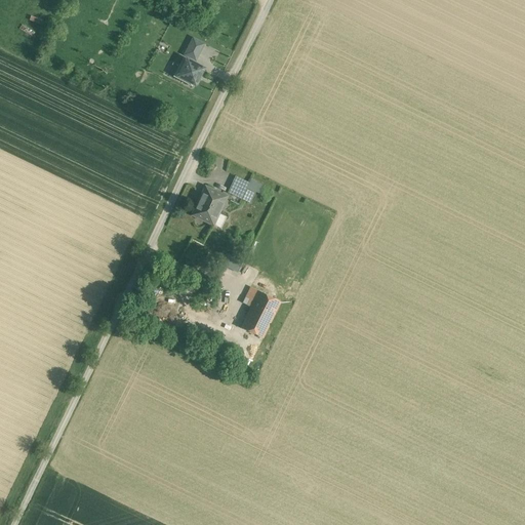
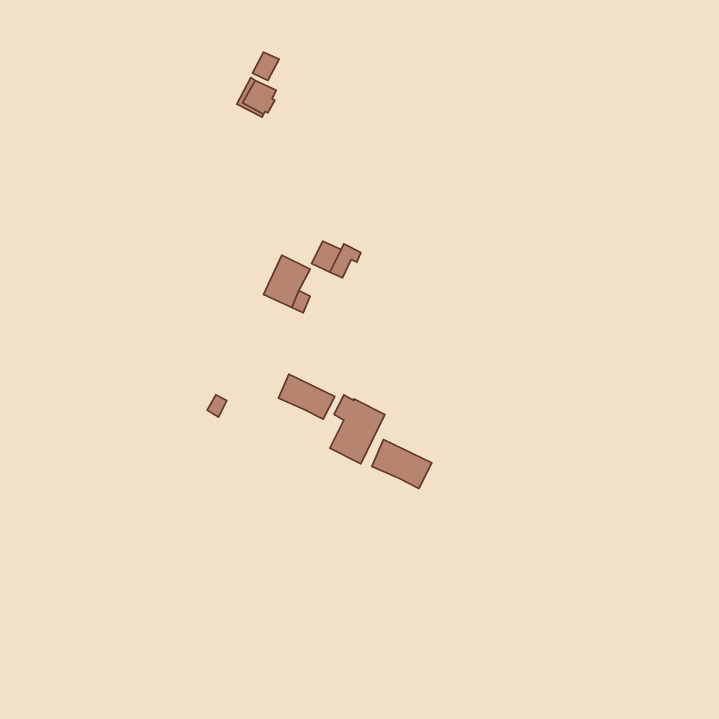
building: none -> [279,374,335,419]
building: none -> [372,439,432,489]

